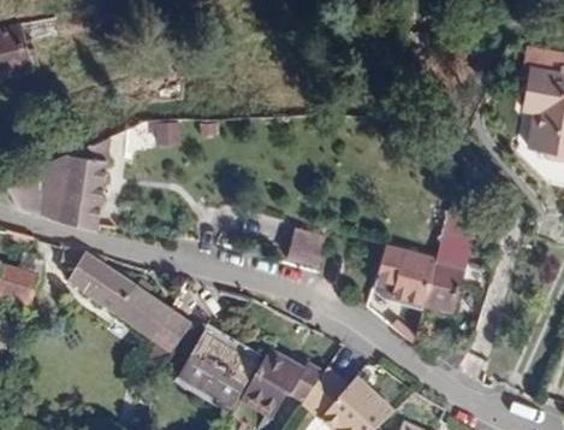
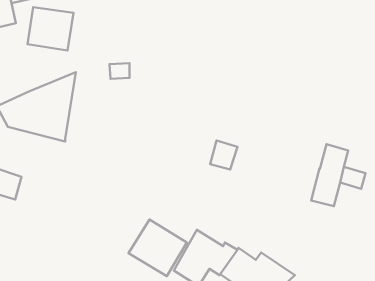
building: none -> [28,7,74,50]
building: [375,247,433,305] -> none
building: [66,252,190,372] -> none

